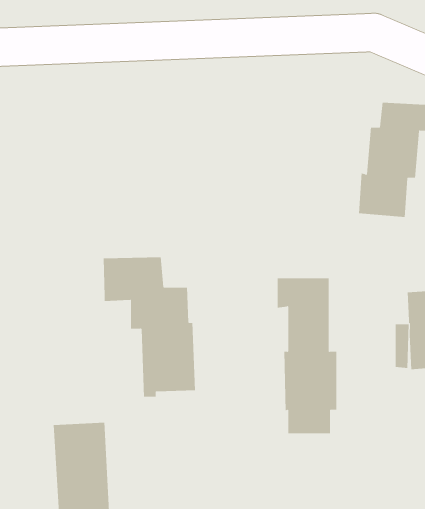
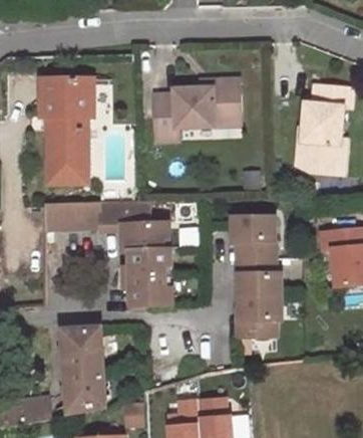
building: none -> [151,77,237,138]
building: none -> [40,79,93,184]
building: none -> [46,202,100,232]

